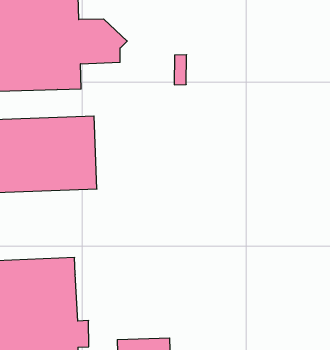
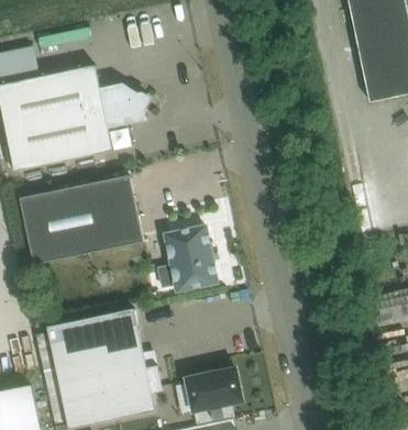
building: none -> [157,225,217,290]

